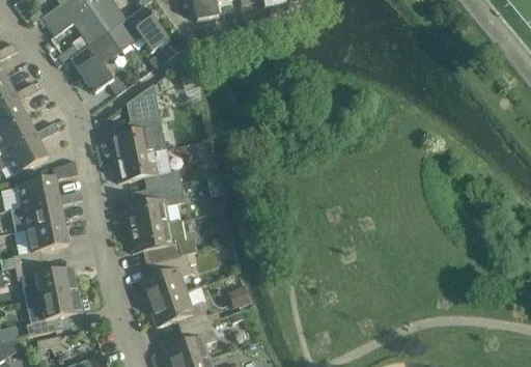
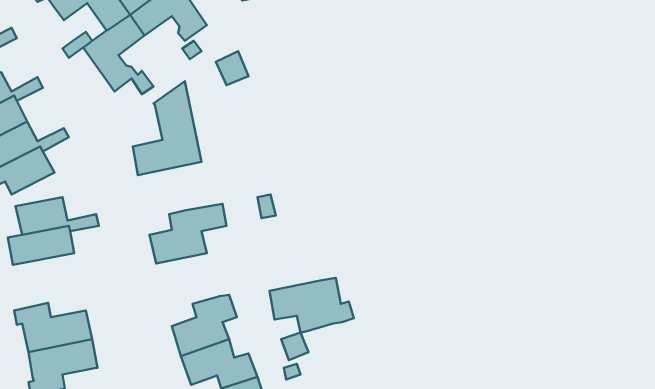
building: [114,149,181,188] -> none
building: [129,220,196,263] -> [269,278,354,333]
building: [12,222,68,267] -> none

